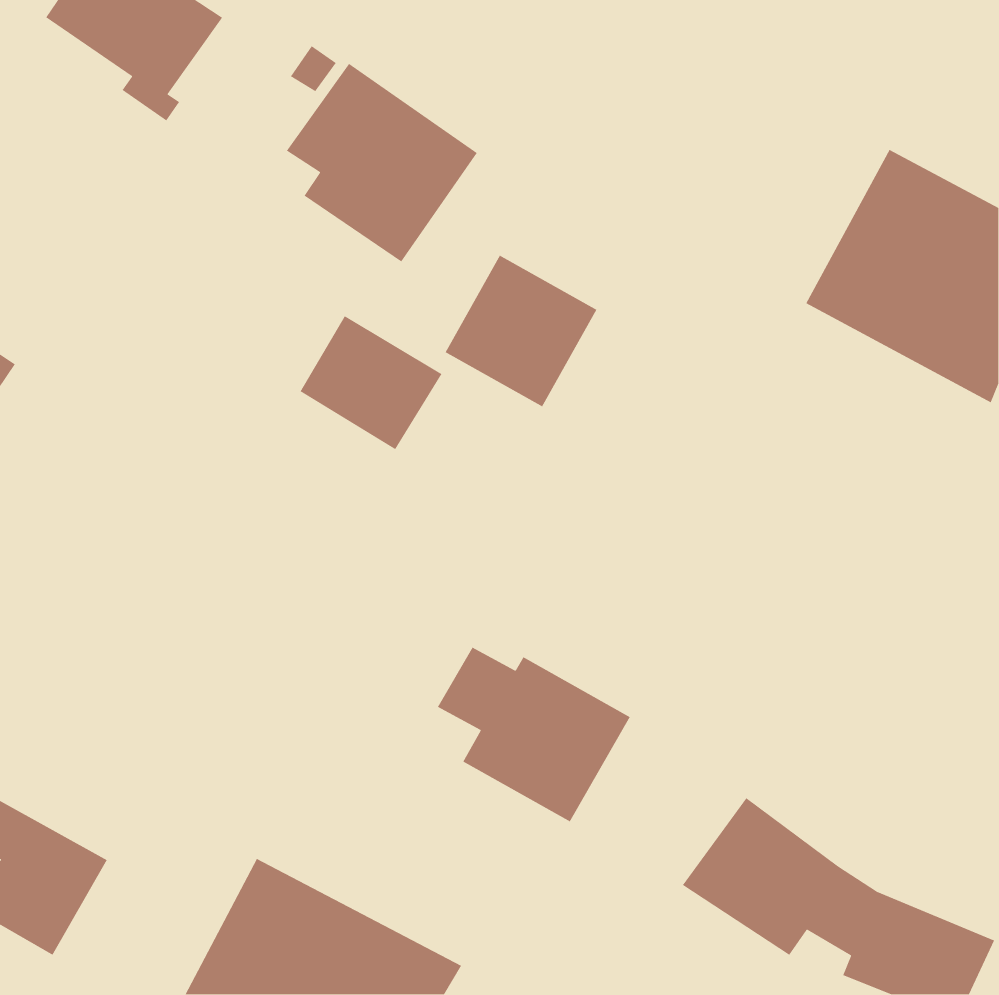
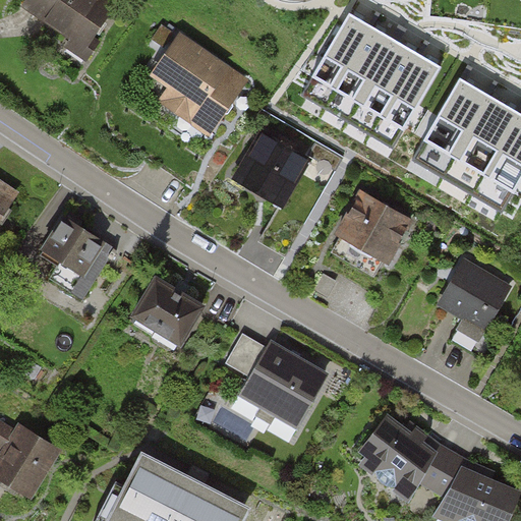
building: none -> [302,15,442,148]
building: [300,315,443,450] -> [127,277,201,347]
building: none -> [334,193,415,271]
building: none -> [37,215,113,300]
building: none -> [437,259,512,360]

